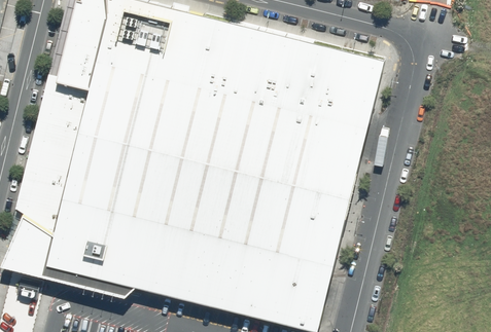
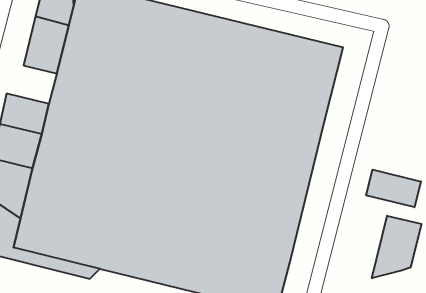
building: [39,76,91,118] -> none
building: none -> [366,170,421,207]
building: none -> [372,216,421,278]

